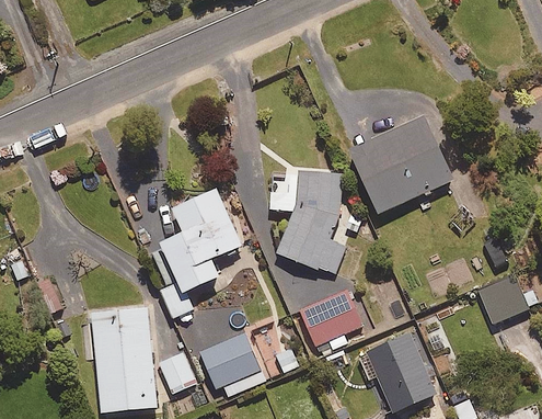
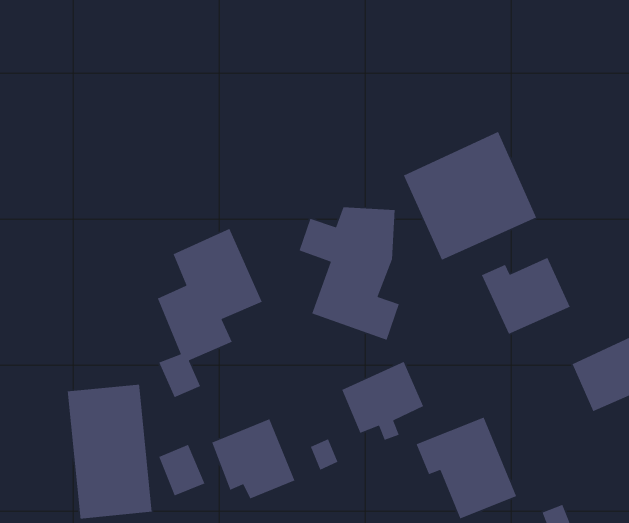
building: none -> [481,257,571,335]

